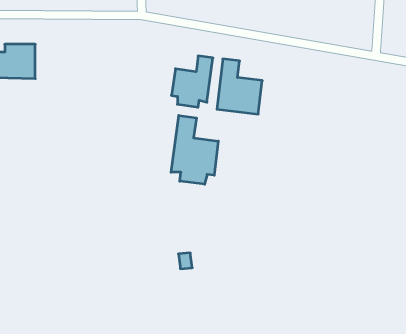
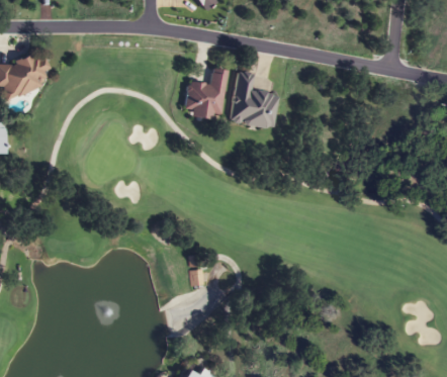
building: [171,115,218,184] -> none

